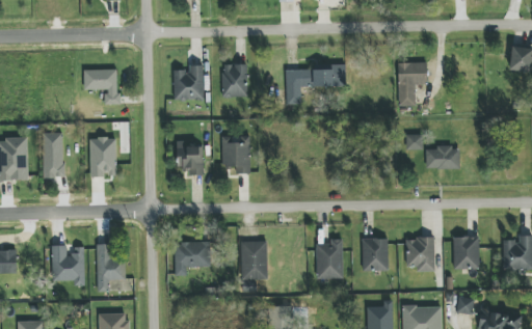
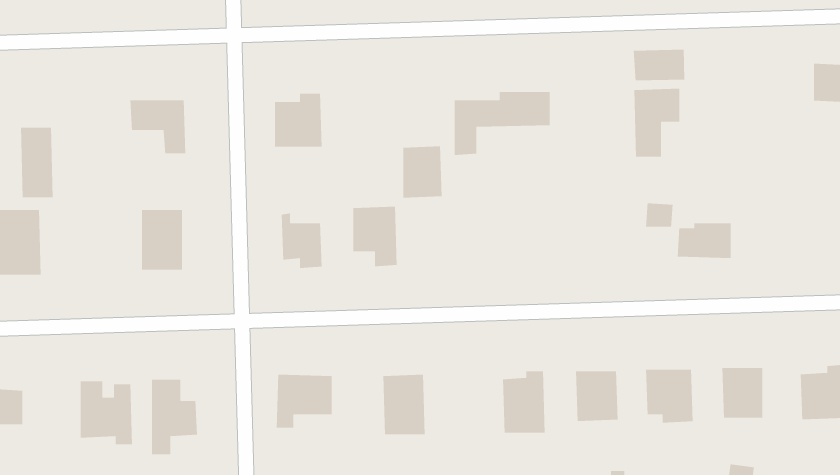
building: none -> [633,49,685,81]
building: [222,64,247,98] -> [403,145,442,199]
building: [43,133,63,177] -> [20,127,53,198]

